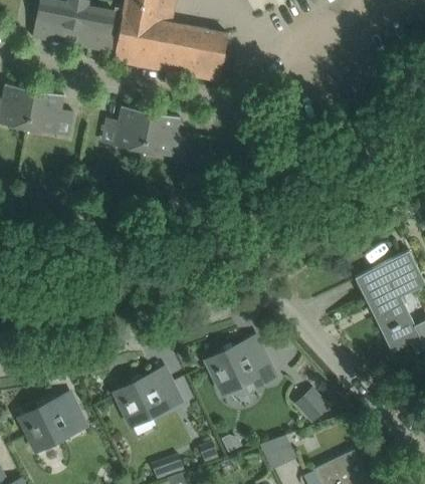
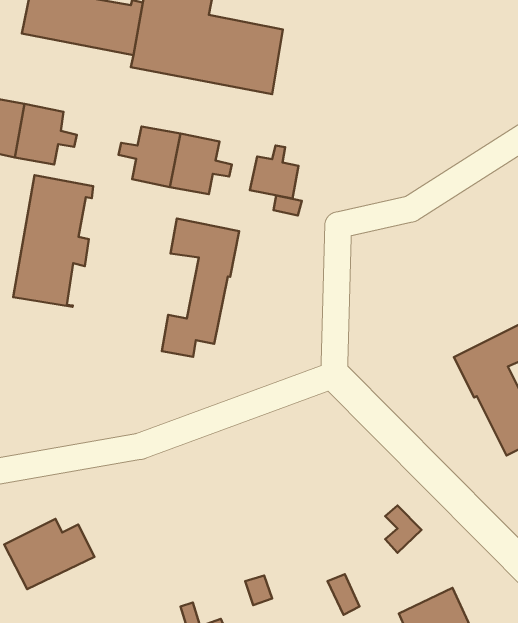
building: none -> [250,145,299,199]
building: none -> [13,175,93,307]
building: none -> [162,219,239,357]
building: [206,341,276,394] -> none
building: [115,374,181,426] -> none

